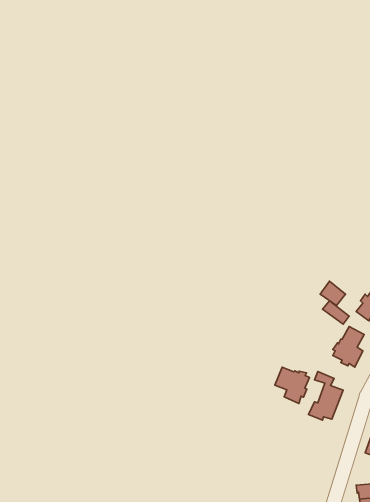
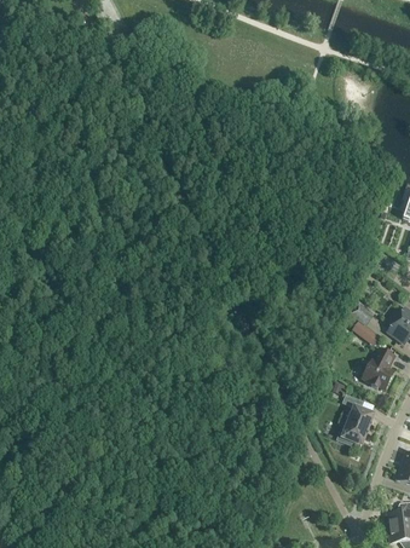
building: [275,367,309,403] -> none

